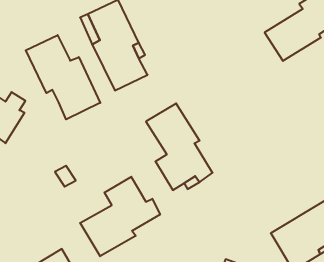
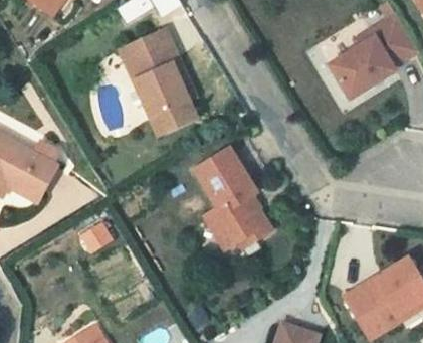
building: [26,35,100,119] -> none
building: [80,177,160,256] -> none

